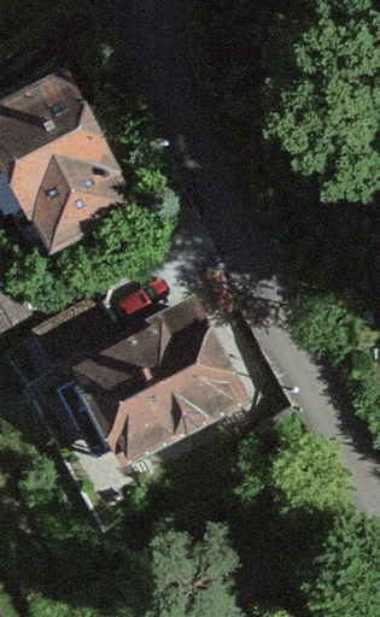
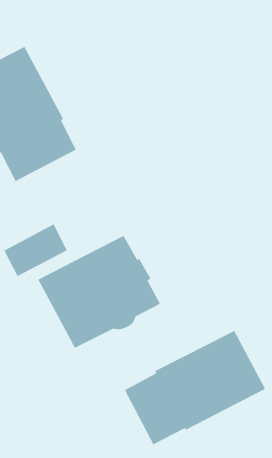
building: none -> [124,330,266,445]

